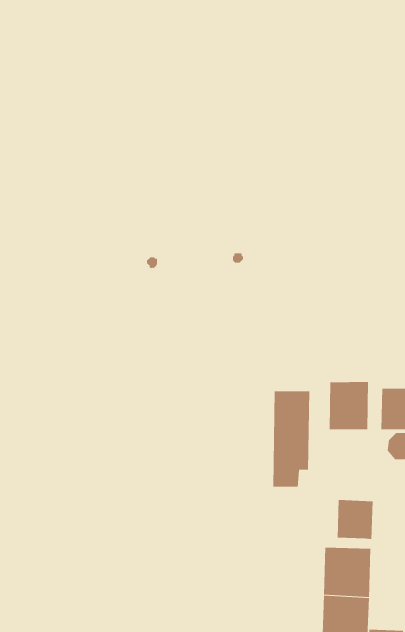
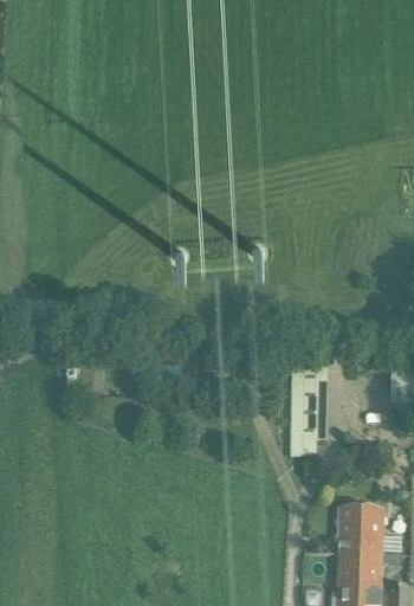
building: [329,381,368,430] -> none
building: [337,499,373,540] -> none

